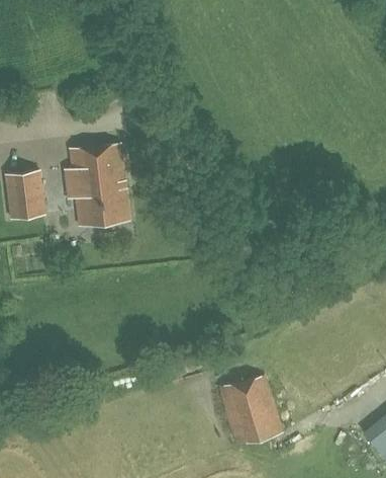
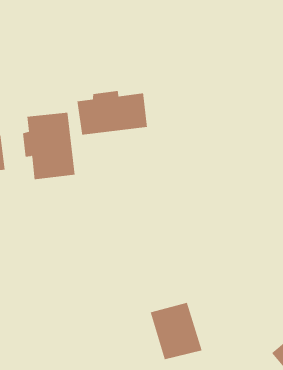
building: none -> [77,90,148,135]

